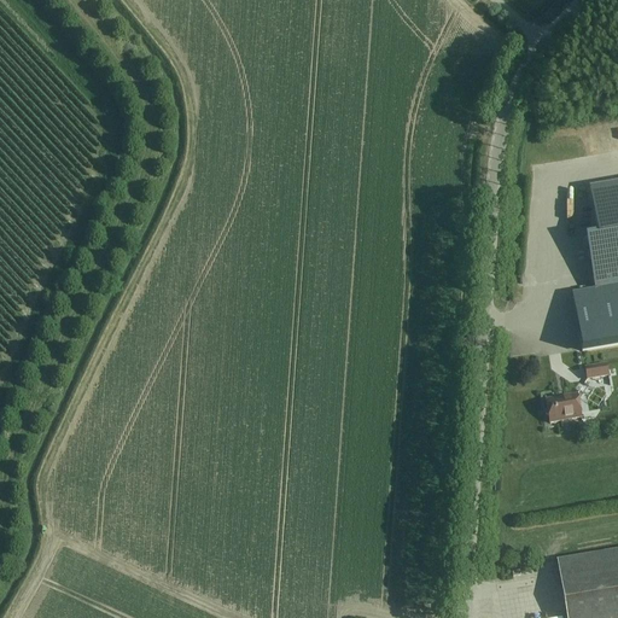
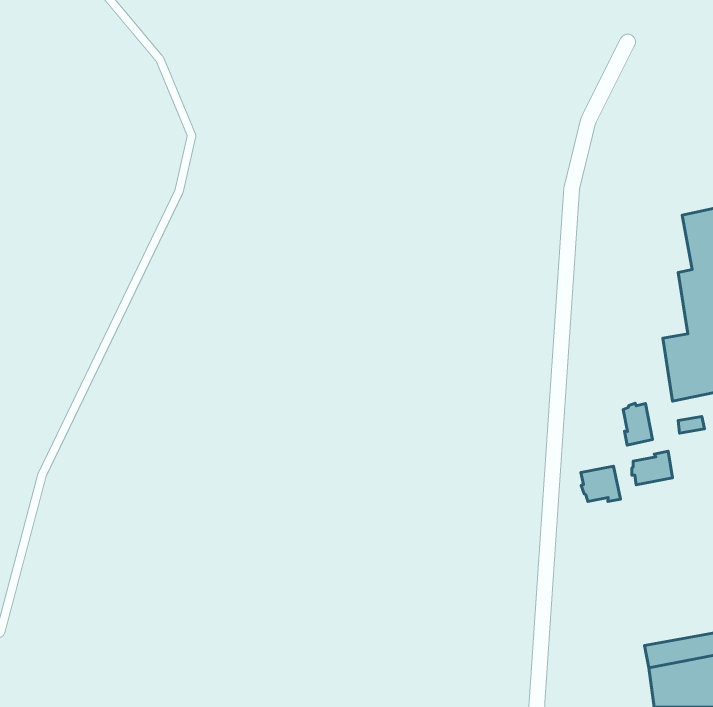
building: none -> [623,403,652,445]
building: none -> [581,466,621,501]

